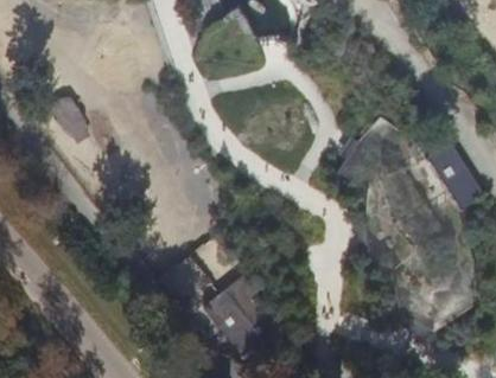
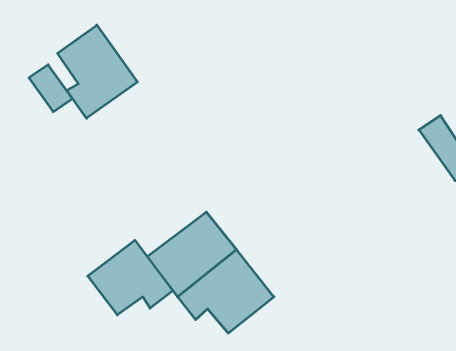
building: none -> [58,25,137,118]
building: none -> [88,240,173,315]

